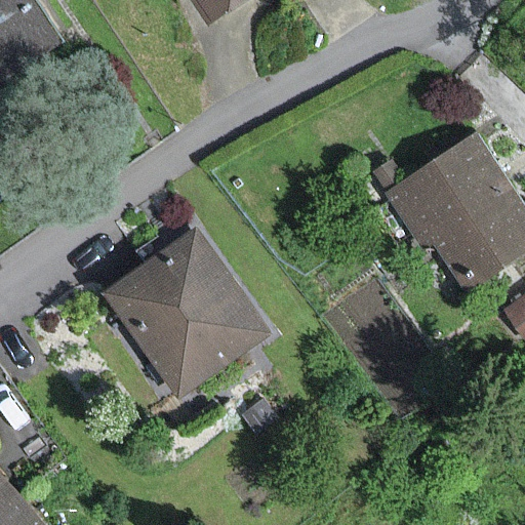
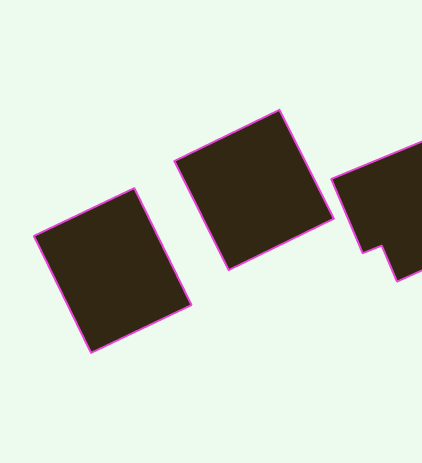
building: none -> [174,110,334,270]

